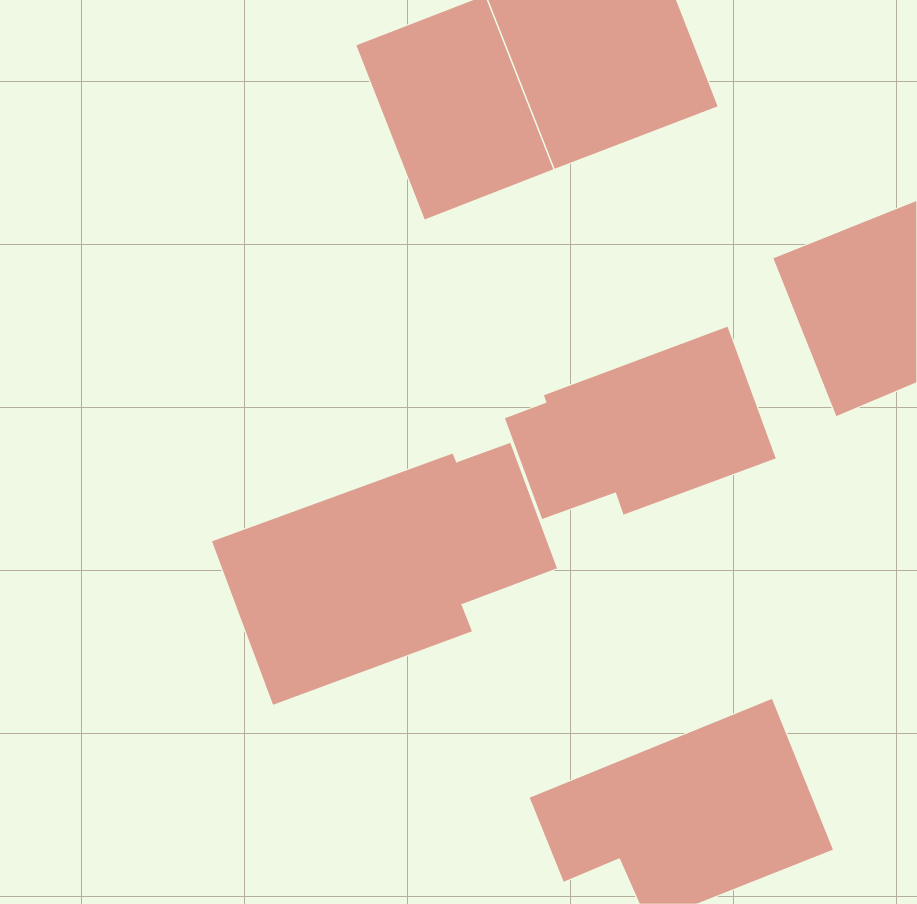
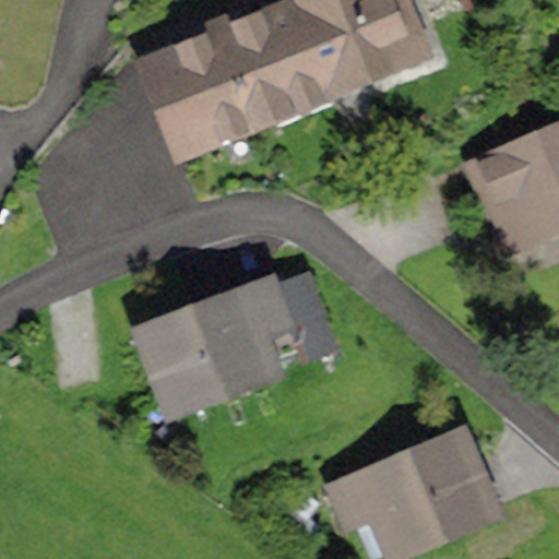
building: none -> [134,27,257,165]
building: [504,326,776,520] -> none

